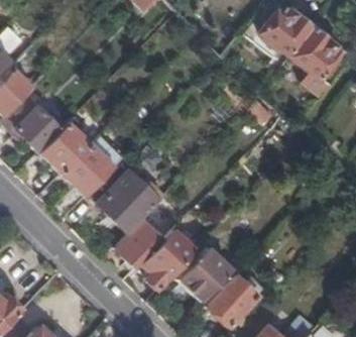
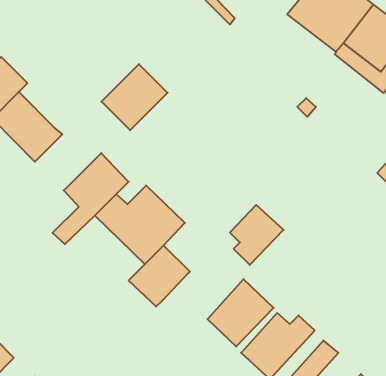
building: [41,121,95,175] -> [101,64,168,130]
building: [144,241,188,290] -> [230,205,284,265]

